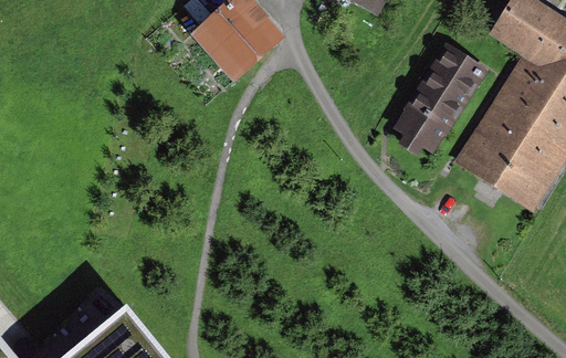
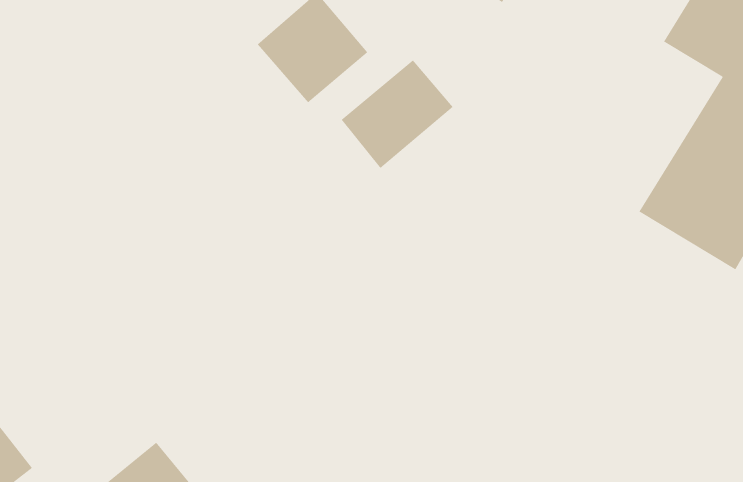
building: [400,41,490,146] -> none
building: none -> [341,59,453,169]

